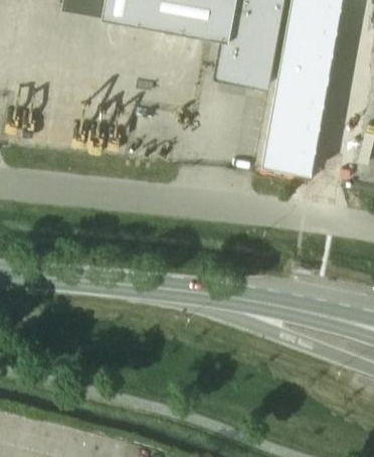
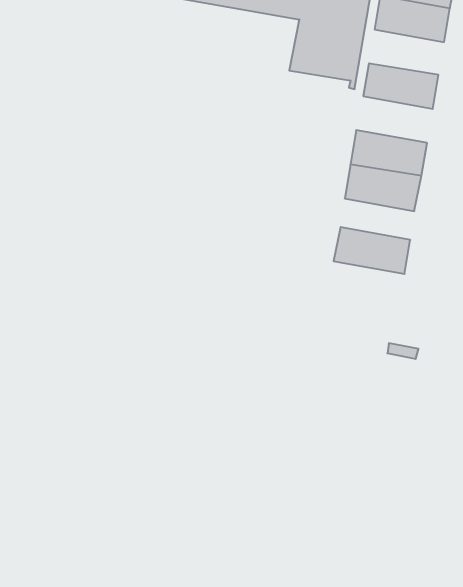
building: [278,45,332,78] -> none
building: [269,93,324,126] -> [334,227,410,274]

